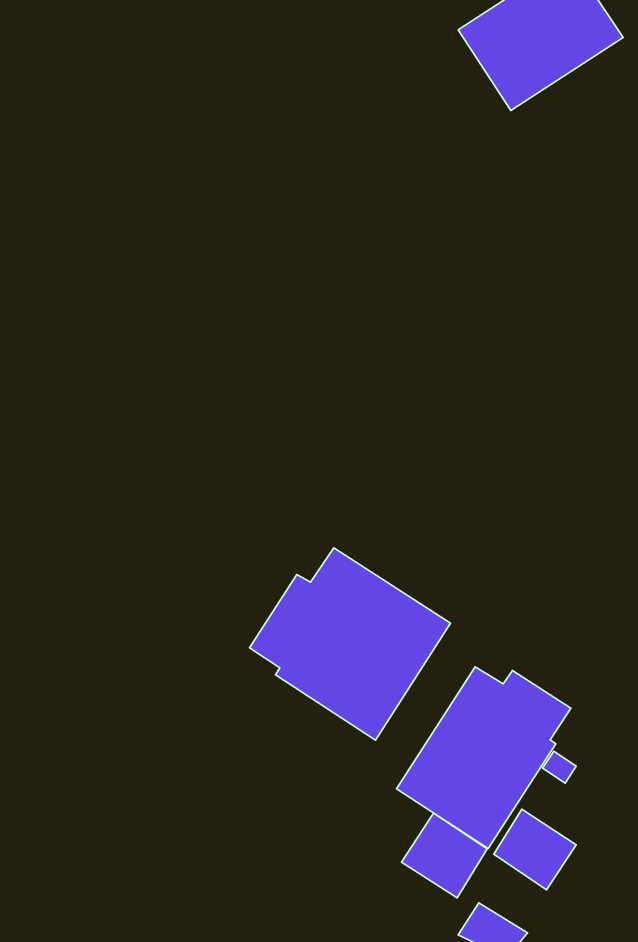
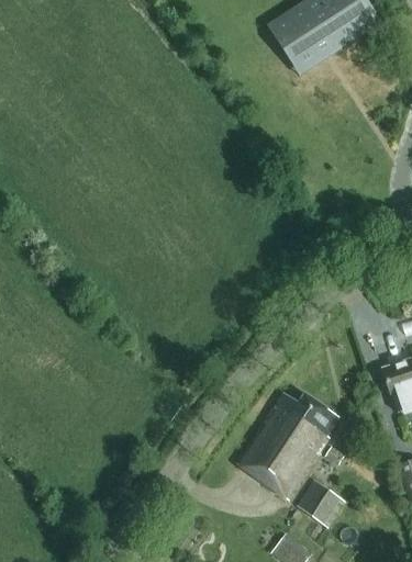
building: [249,548,451,740] -> none
building: [402,813,487,898] -> none

